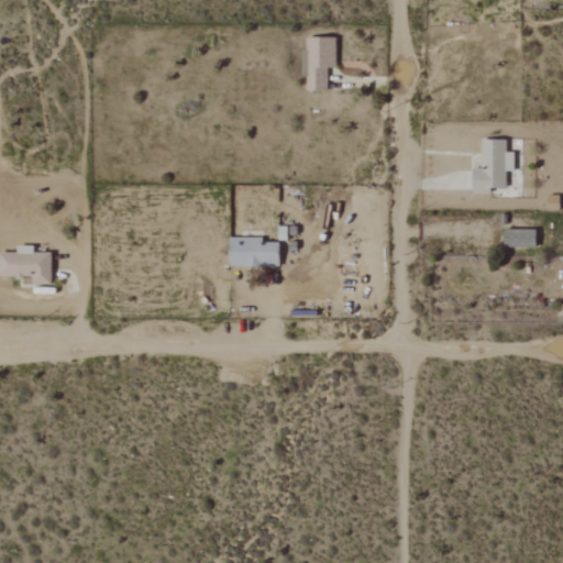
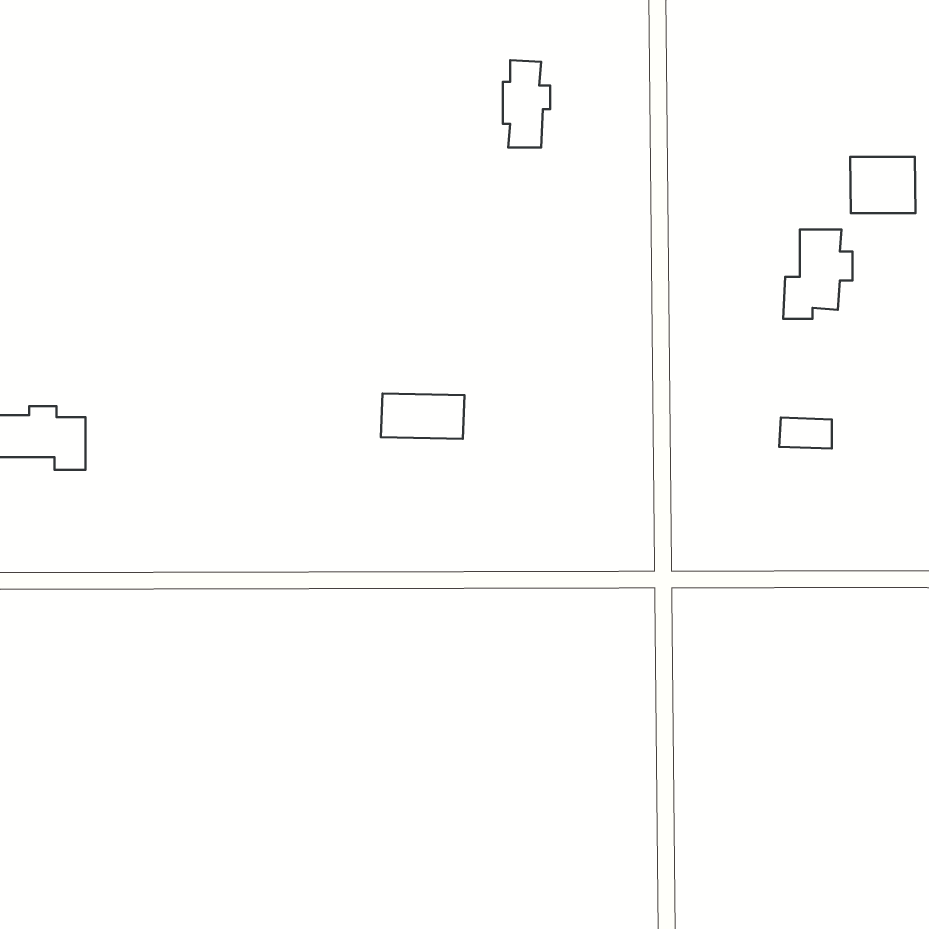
building: none -> [850,157,916,213]
building: [505,228,537,246] -> [779,418,832,449]

